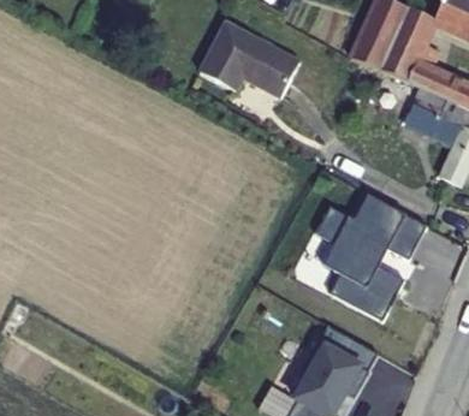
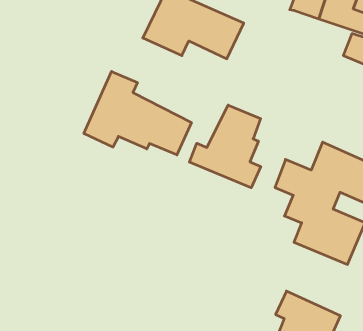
building: none -> [84,71,191,155]
building: none -> [189,105,261,188]

